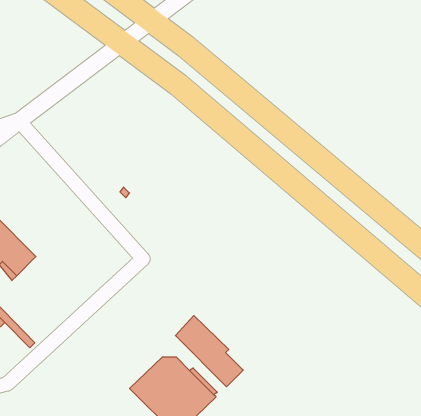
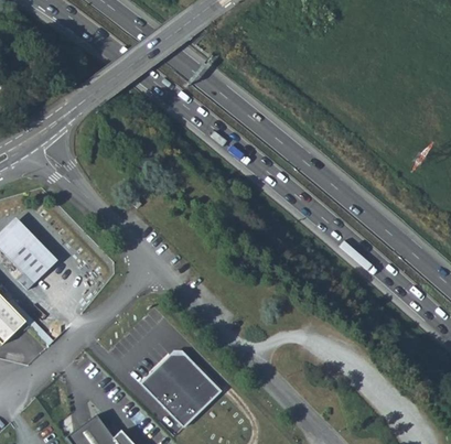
building: [175,316,243,387] -> none

